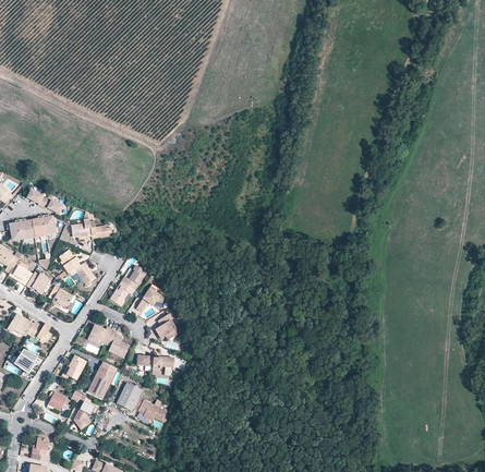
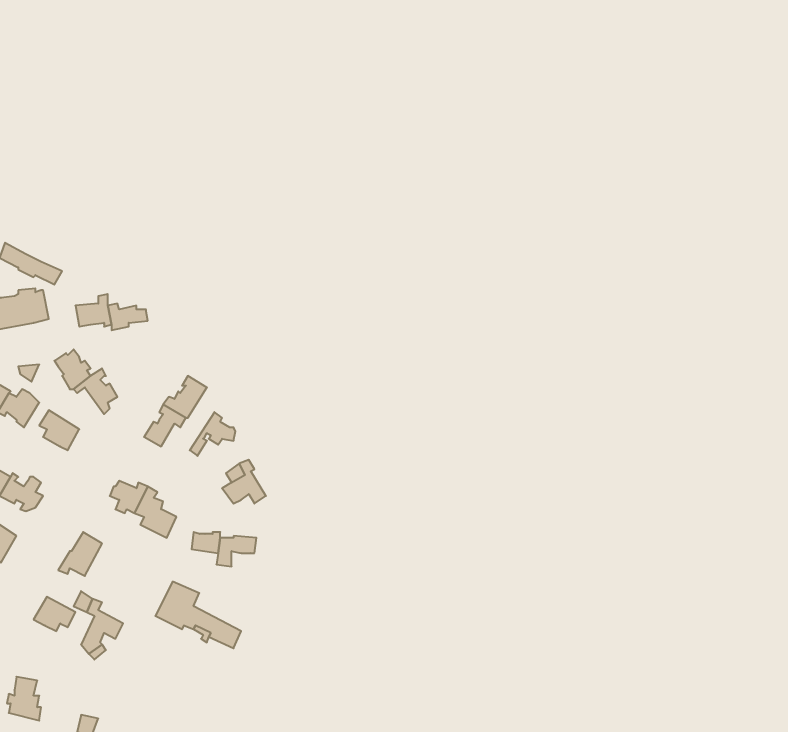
building: [87,360,117,398] -> none

